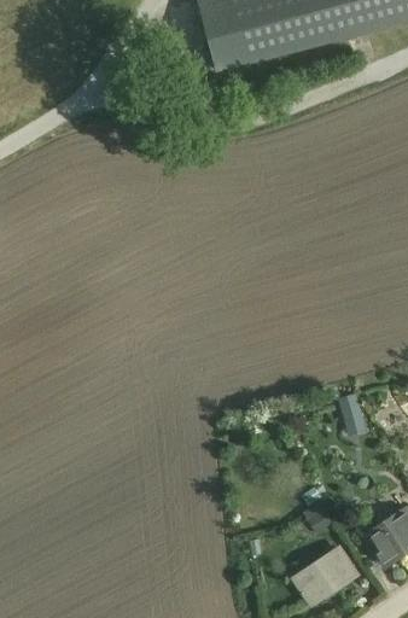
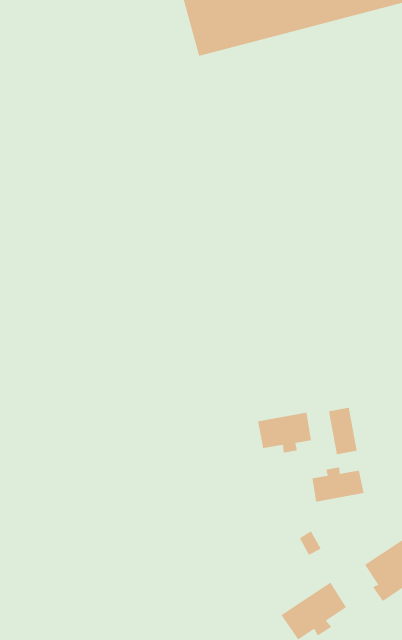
building: none -> [257,412,312,454]
building: none -> [312,466,364,502]

